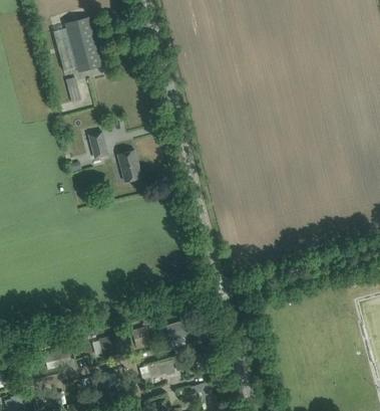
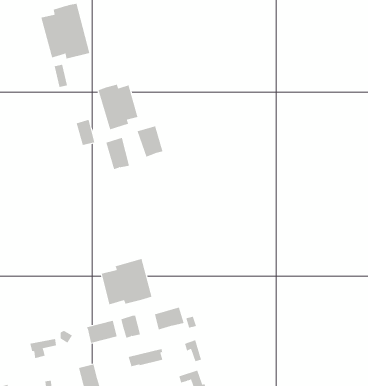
building: none -> [98,84,138,130]
building: none -> [137,125,163,158]
building: none -> [101,258,152,305]

